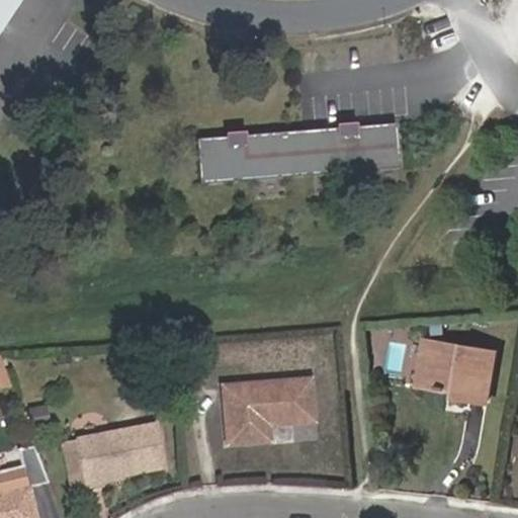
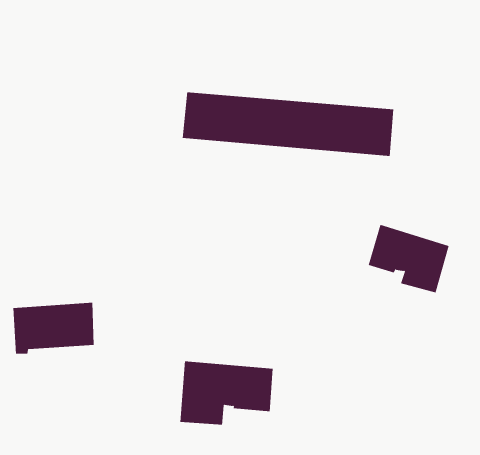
building: [419,342,494,400] -> [368,224,449,293]
building: [77,425,160,485] -> [12,302,94,354]

